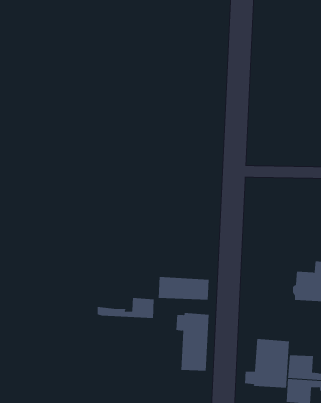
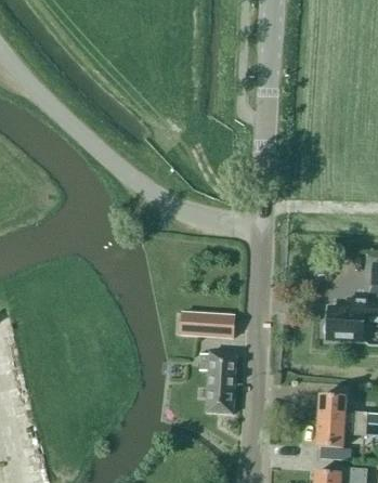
building: [97,297,154,319] -> none
building: [244,338,290,388] -> none

